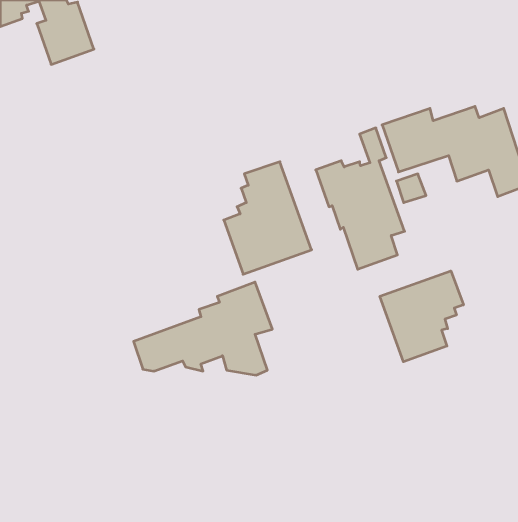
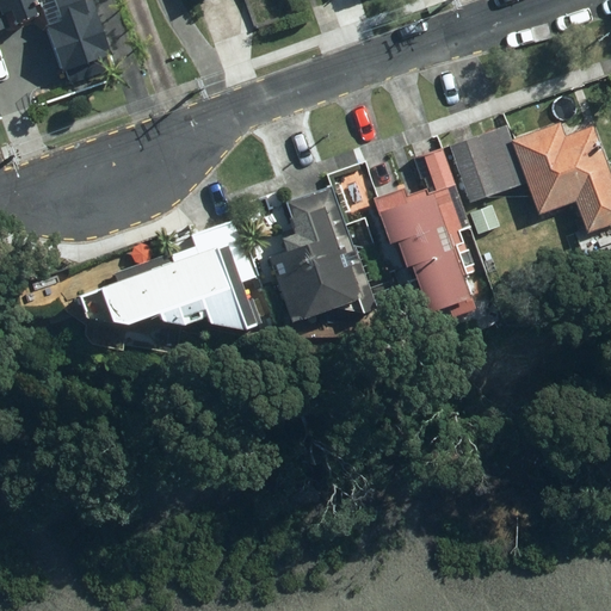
building: [380,271,463,362] -> none
building: [134,282,272,375] -> [95,221,258,329]

